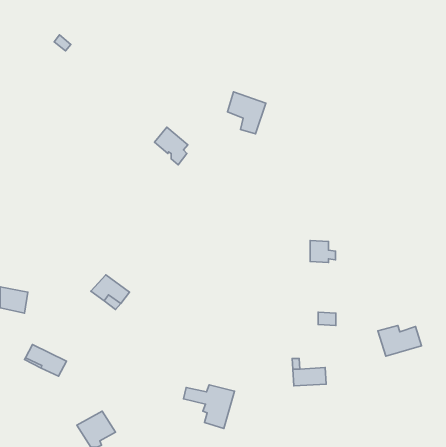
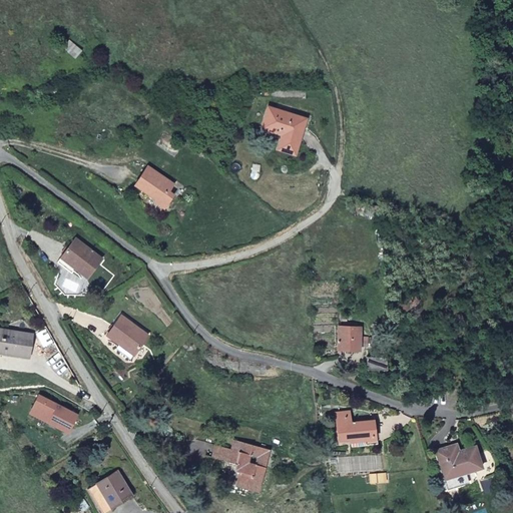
building: [155,127,188,165] -> [136,166,174,209]
building: none -> [57,237,102,279]
building: [310,241,336,262] -> [338,327,367,352]
building: [378,326,422,356] -> [434,444,484,479]

